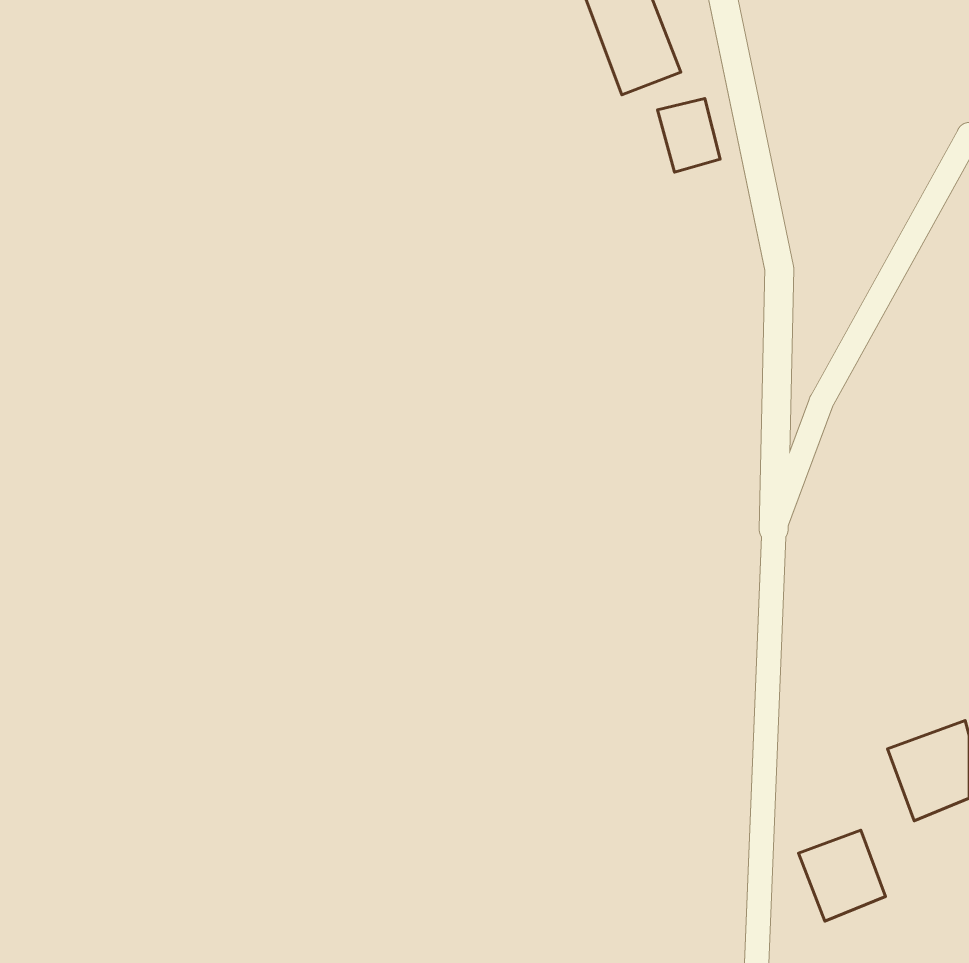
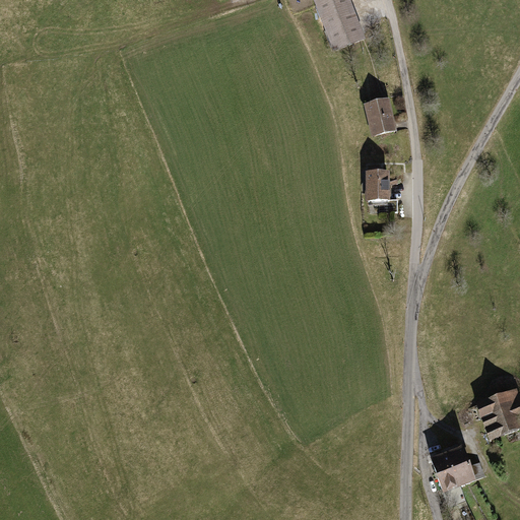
building: [658,98,720,172] -> [363,96,396,136]
building: none -> [366,170,389,199]

